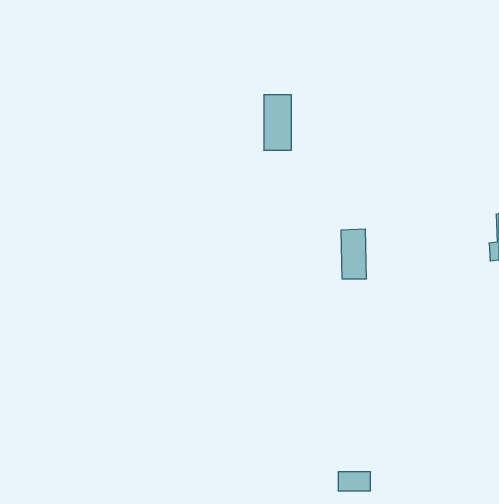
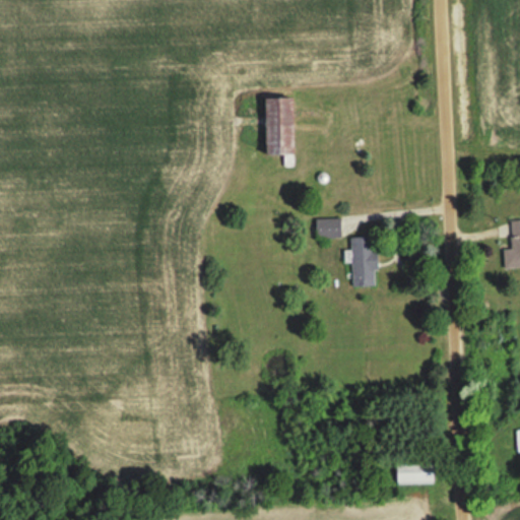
building: none -> [312,218,340,239]
building: [338,472,371,491] -> [397,463,431,482]

